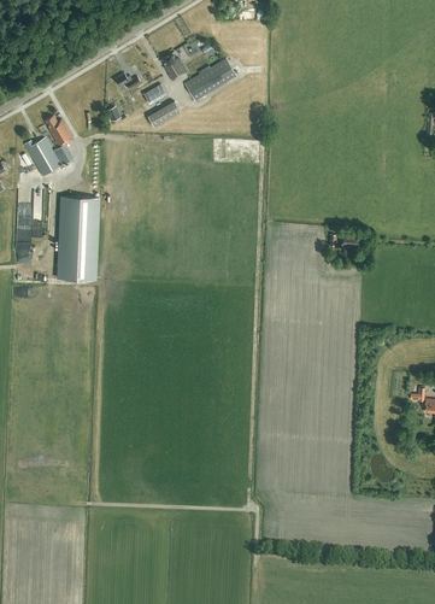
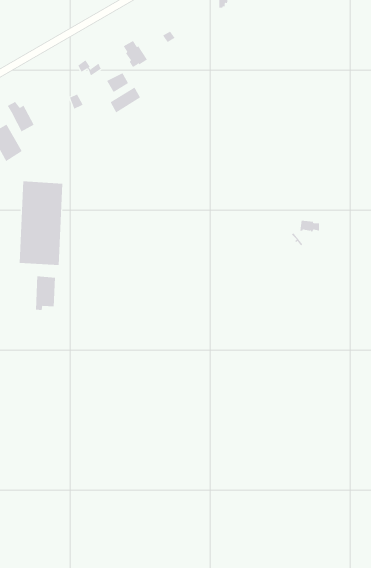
building: [183,58,235,101] -> none
building: none -> [36,275,55,311]

